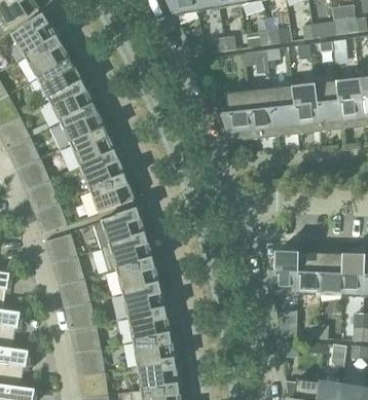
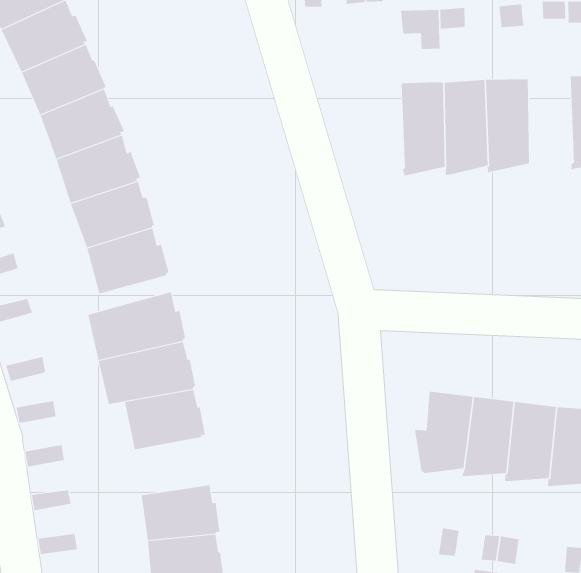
building: [315,79,341,131] -> none
building: [213,89,253,141] -> none
building: [122,283,165,316] -> none

